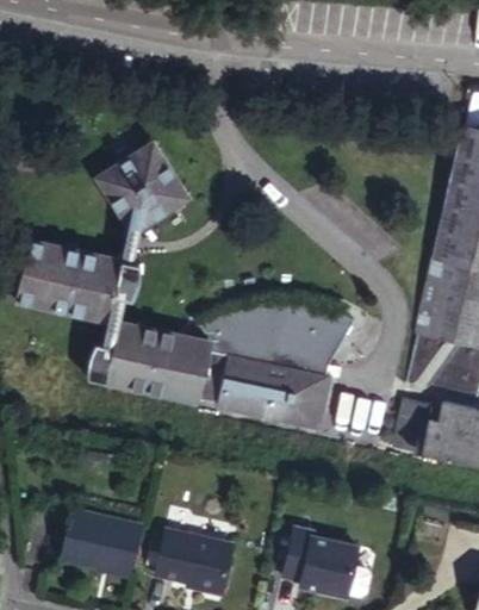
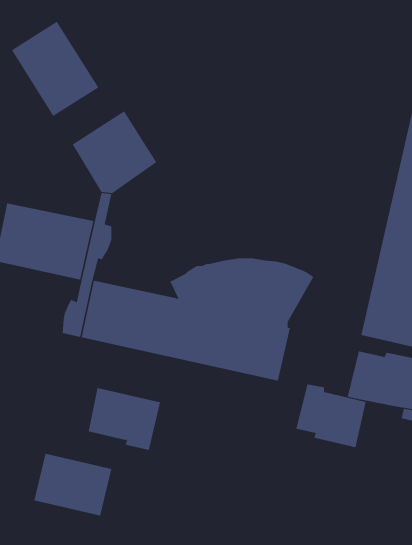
building: none -> [11,21,99,117]
building: [155,527,232,593] -> [88,388,161,451]
building: [281,527,356,595] -> [296,384,366,448]

